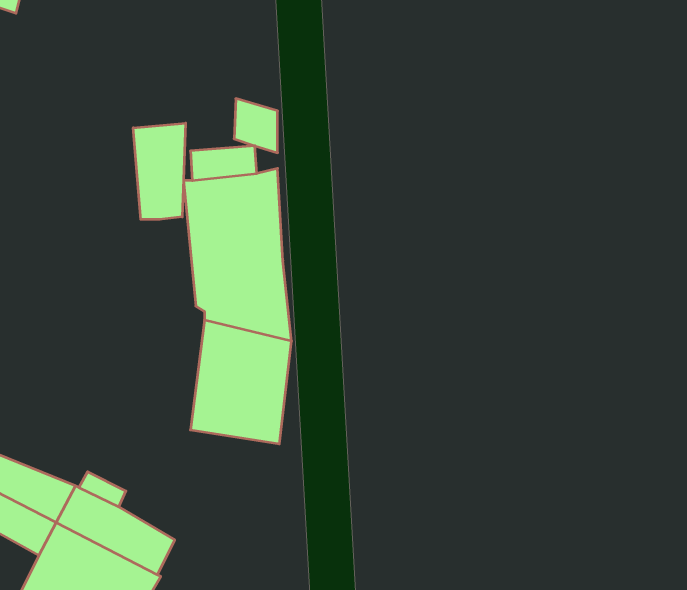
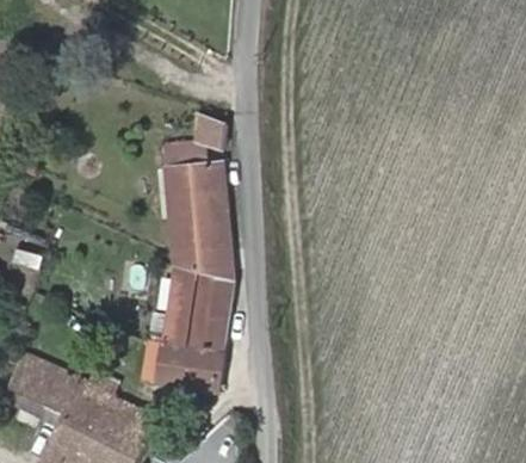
building: [133,123,186,219] -> none
building: none -> [144,338,224,389]

